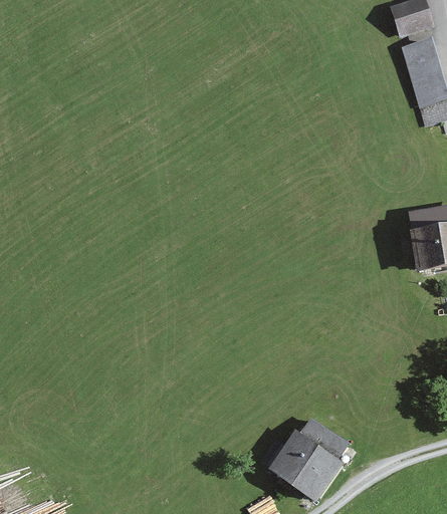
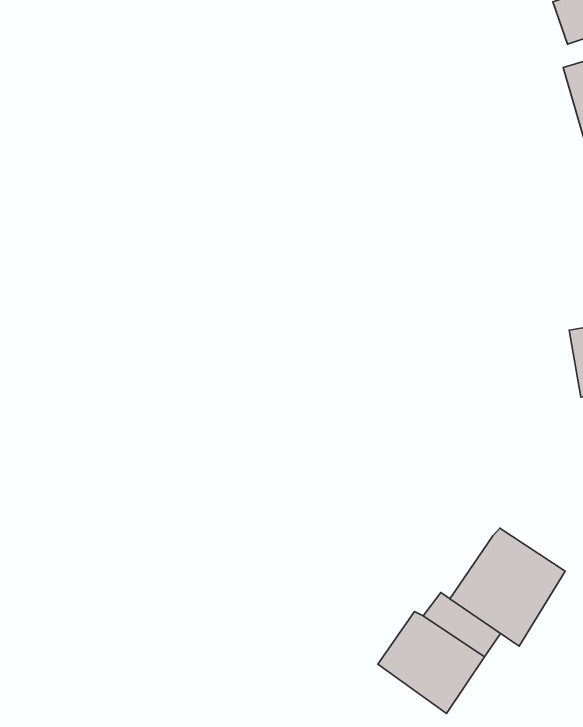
building: none -> [450,528,565,646]

